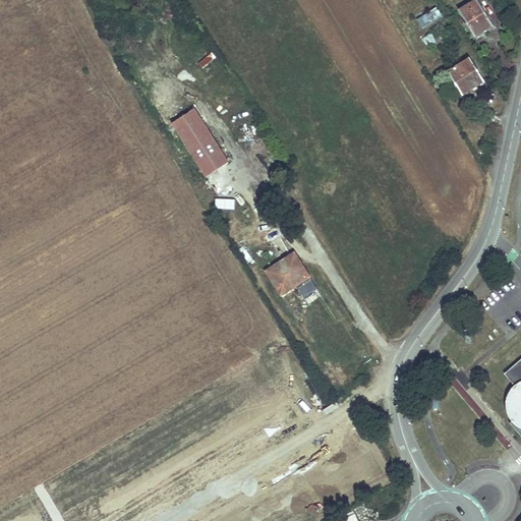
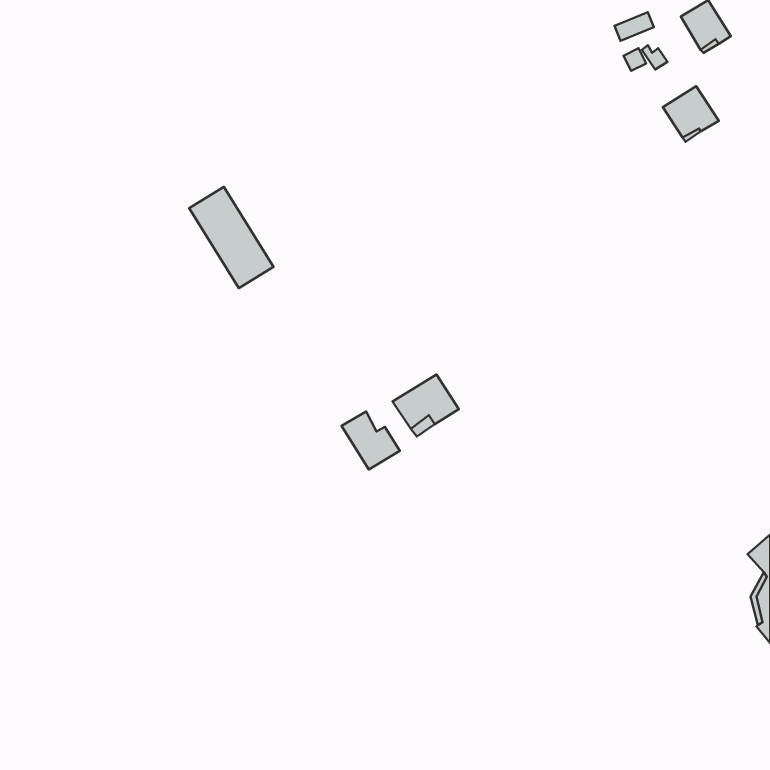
building: [171,108,228,176] -> [189,187,274,288]
building: none -> [341,411,400,469]

